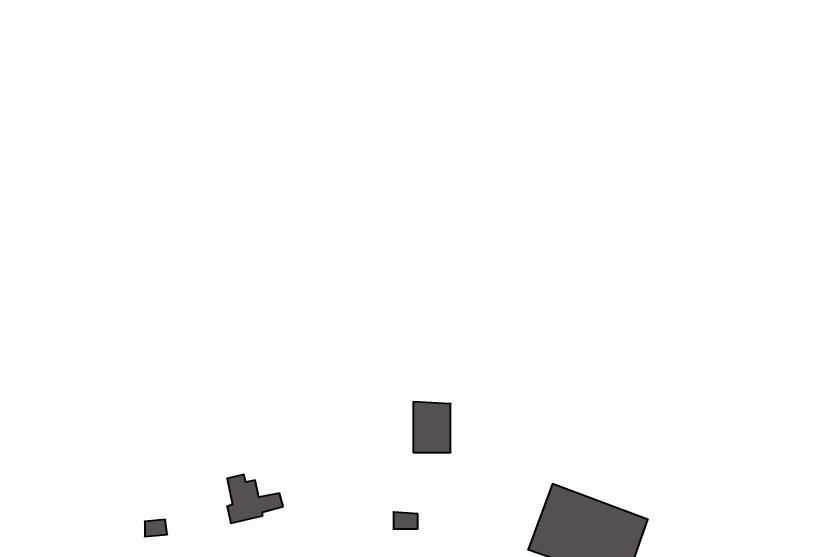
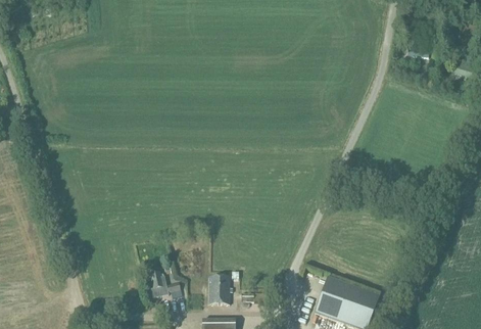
building: [413,402,451,452] -> [209,276,230,303]

